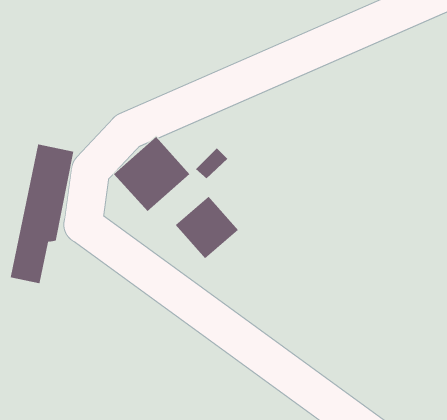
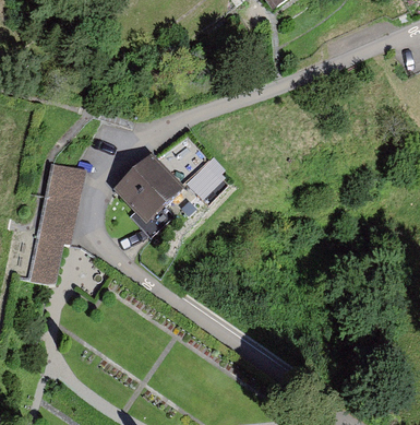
building: [175,196,239,259] -> none

